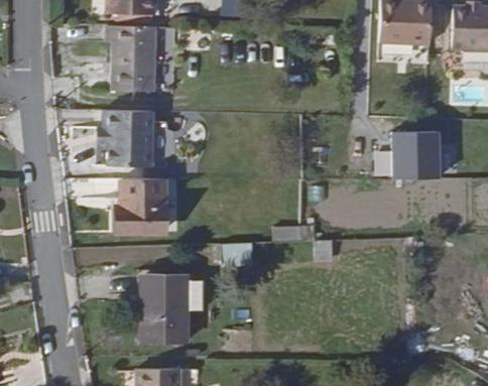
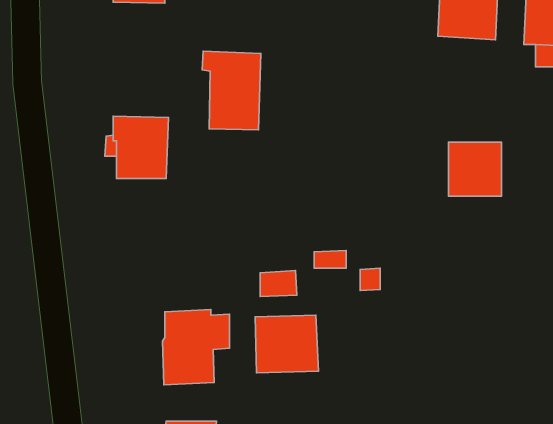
building: [104,24,154,92] -> [202,51,261,130]
building: [117,178,163,231] -> none
building: none -> [255,315,319,373]

